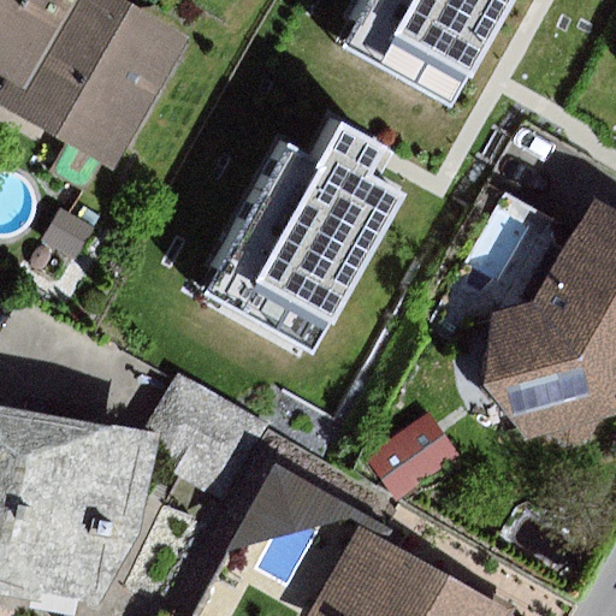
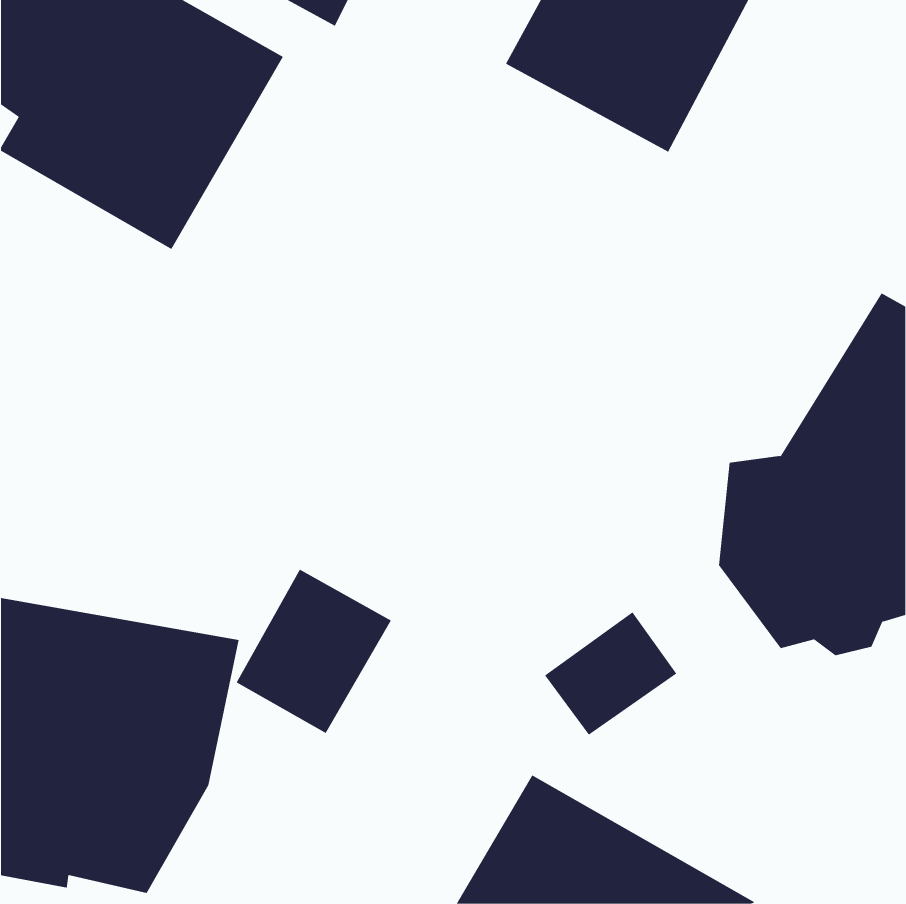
building: [200,117,397,346] -> none

